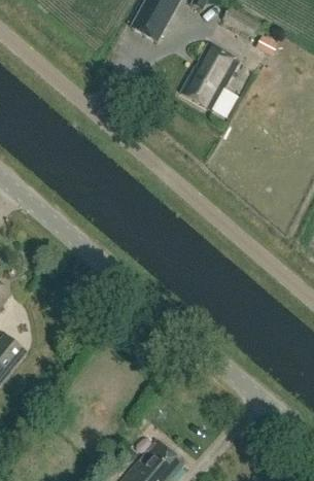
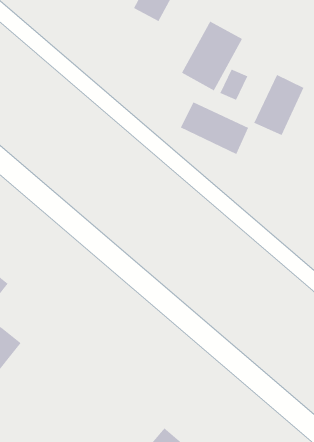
building: none -> [254,74,304,136]
building: none -> [180,102,249,155]

